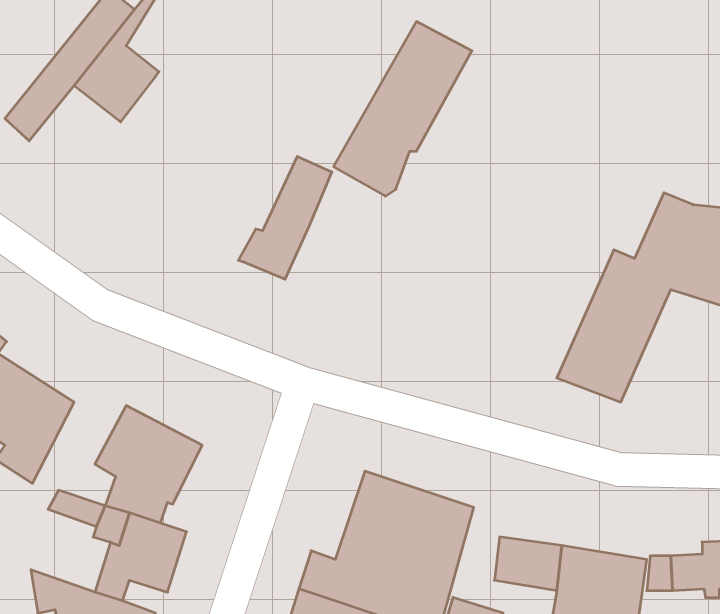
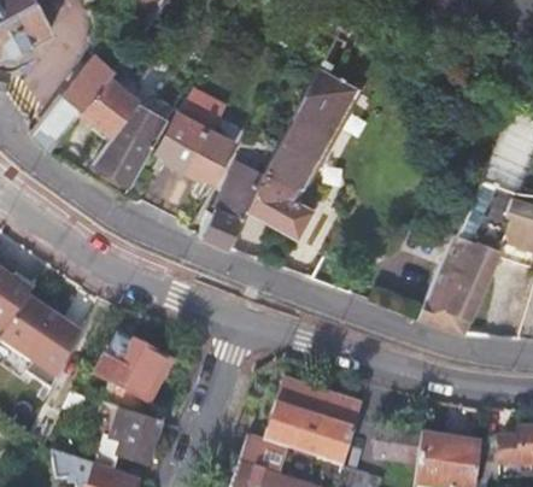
building: none -> [159,90,236,178]
building: none -> [93,105,168,184]
building: none -> [246,171,320,237]

